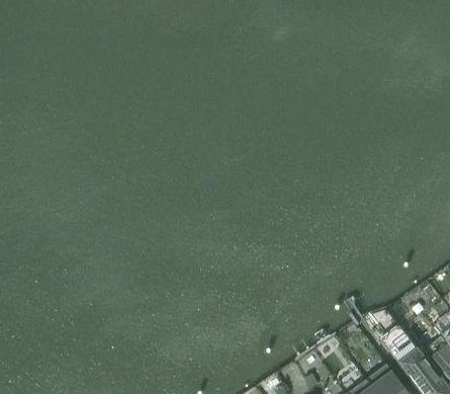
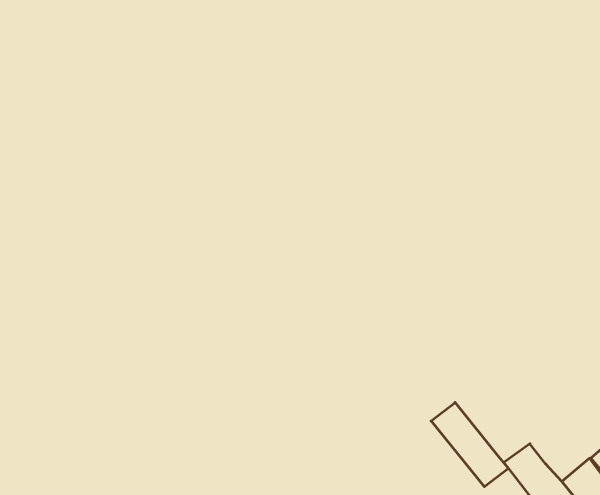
building: none -> [431,402,508,487]

